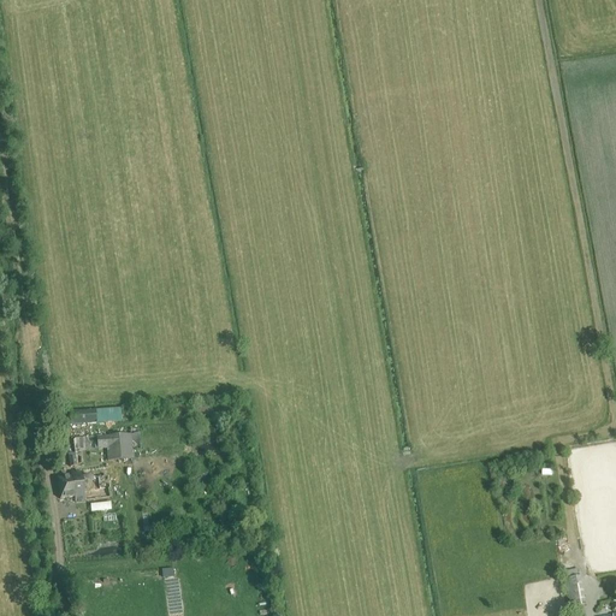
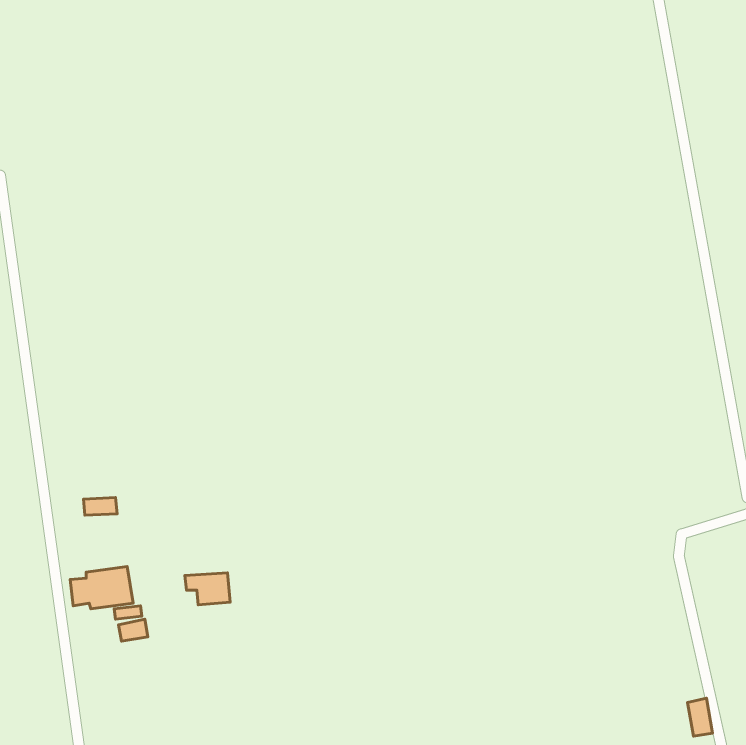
building: [97,433,135,460] -> [185,573,230,605]

